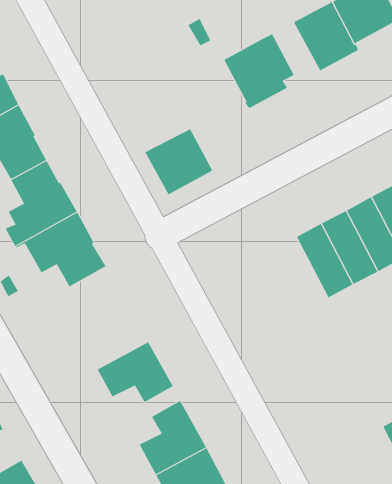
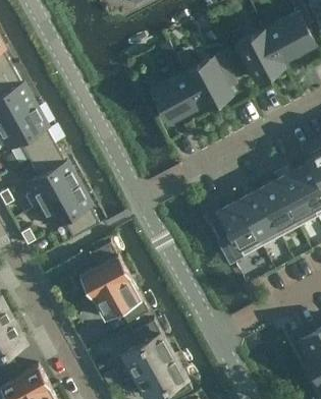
building: [144,128,213,195] -> [151,73,201,122]
building: none -> [218,203,261,258]
building: none -> [78,243,129,299]

